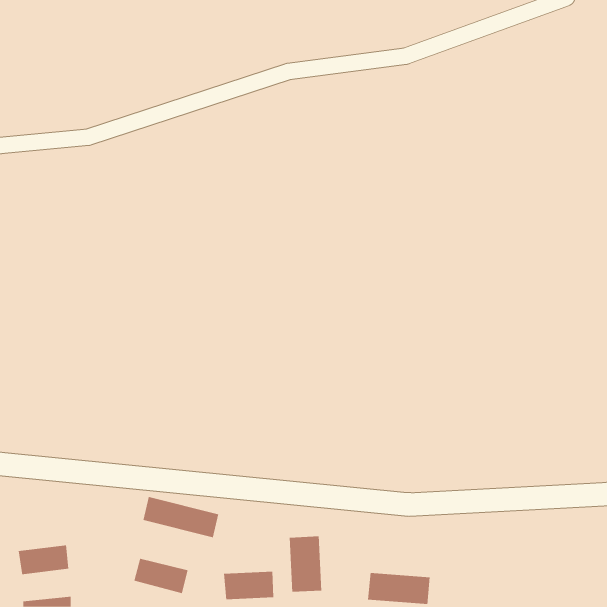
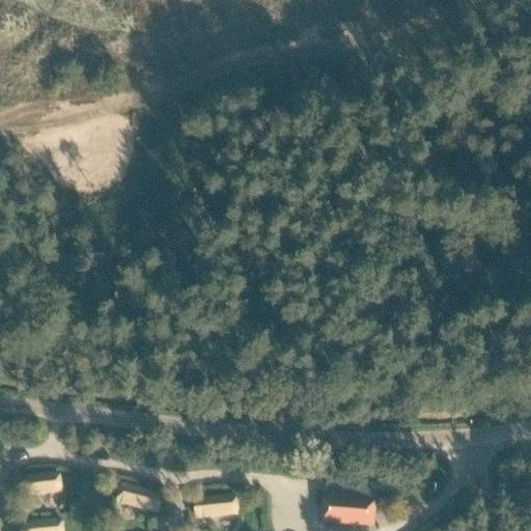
building: [143,496,219,538] -> none
building: [289,536,322,593] -> none

